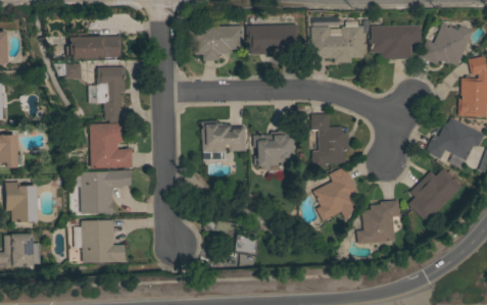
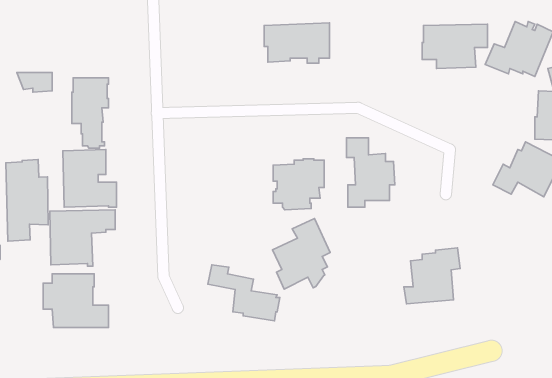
building: [190,26,244,61] -> none
building: [311,27,363,63] -> none
building: [66,33,121,59] -> none
building: [201,121,245,160] -> none
building: none -> [6,160,48,241]
building: [313,166,358,221] -> [273,218,330,289]
building: [408,168,462,222] -> none

